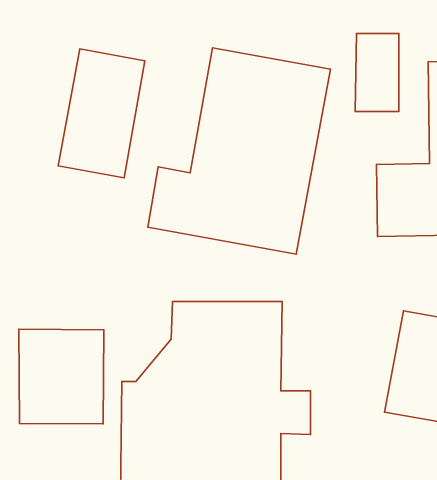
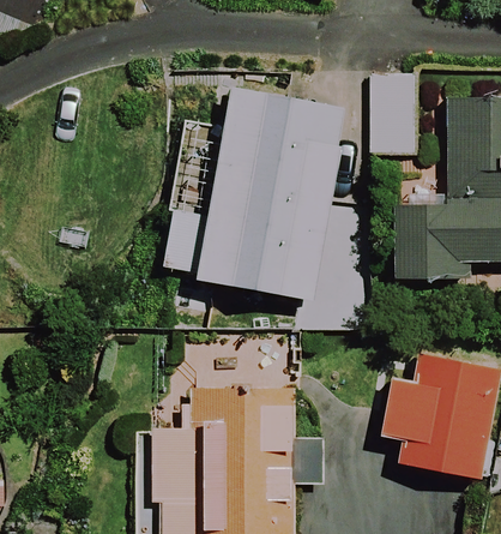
building: [58,49,145,178] -> none
building: [19,329,104,424] -> none

